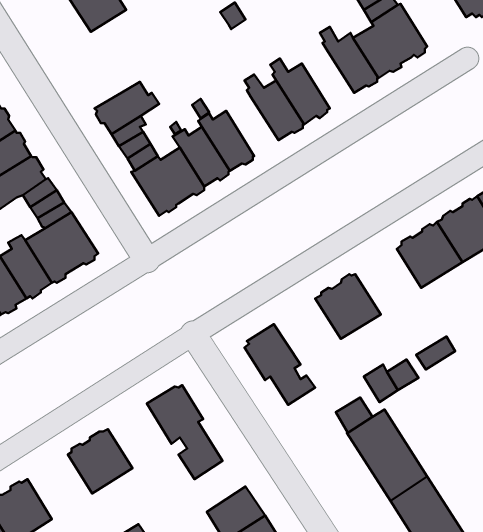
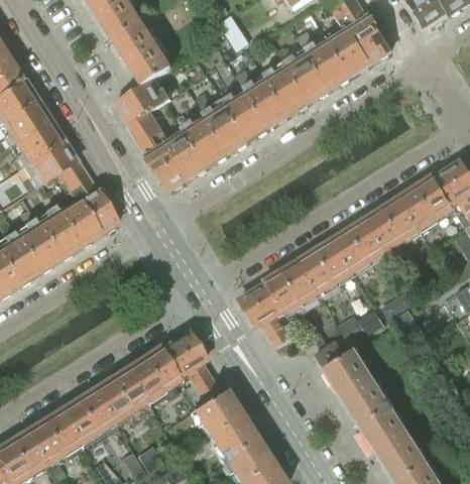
building: none -> [113,21,172,87]
building: none -> [282,49,331,103]
building: none -> [220,88,268,142]
building: none -> [332,219,386,273]
building: none -> [264,260,320,315]
building: none -> [127,347,180,400]
building: none -> [61,389,114,443]
building: none -> [194,391,241,437]

